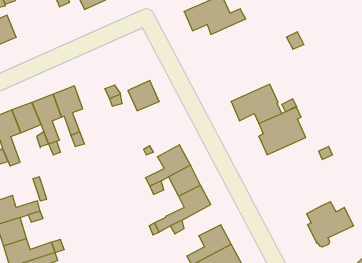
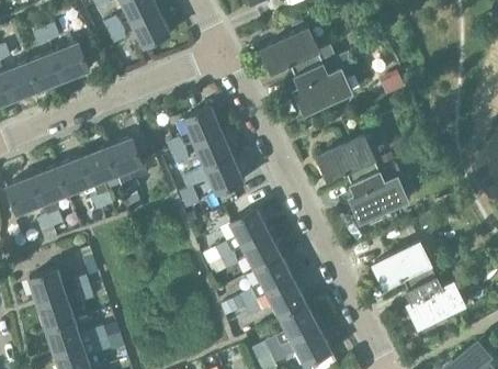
building: none -> [52,45,88,81]
building: none -> [294,59,351,114]
building: none -> [184,109,222,145]
building: none -> [183,158,244,194]
building: none -> [370,242,437,292]
building: none -> [268,281,306,318]

